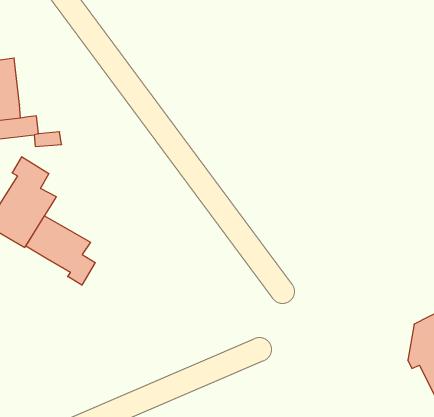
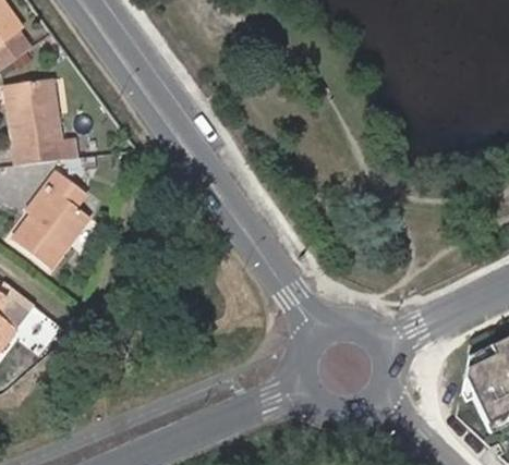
building: [26,216,95,285] -> none

